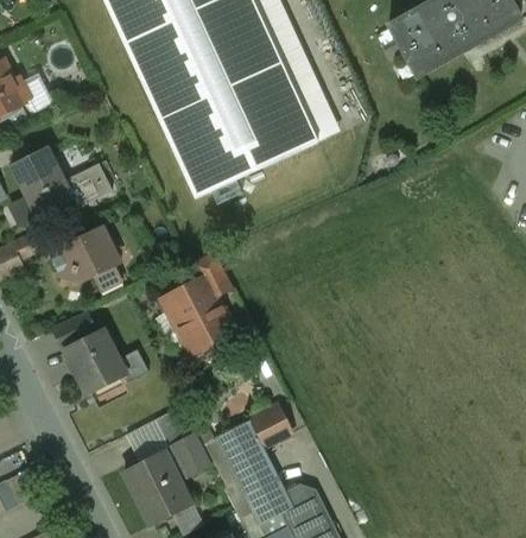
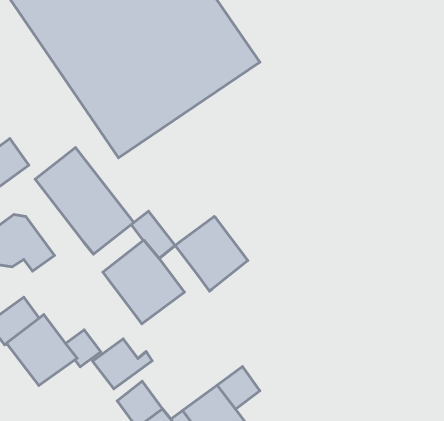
building: none -> [35,148,134,254]
building: none -> [175,217,248,291]
building: none -> [93,339,152,389]

